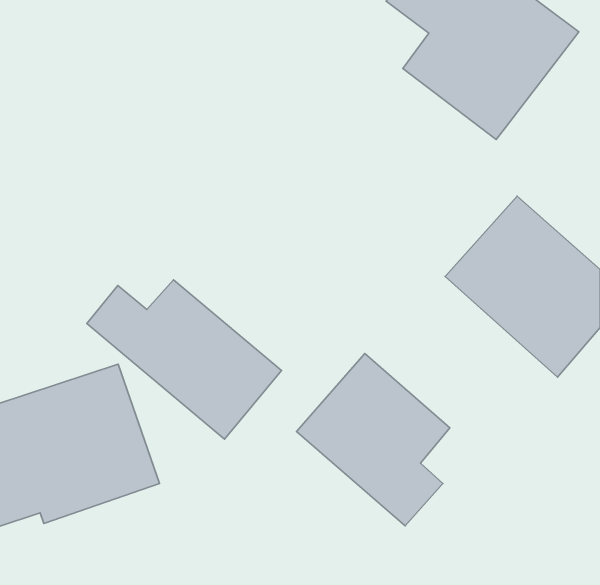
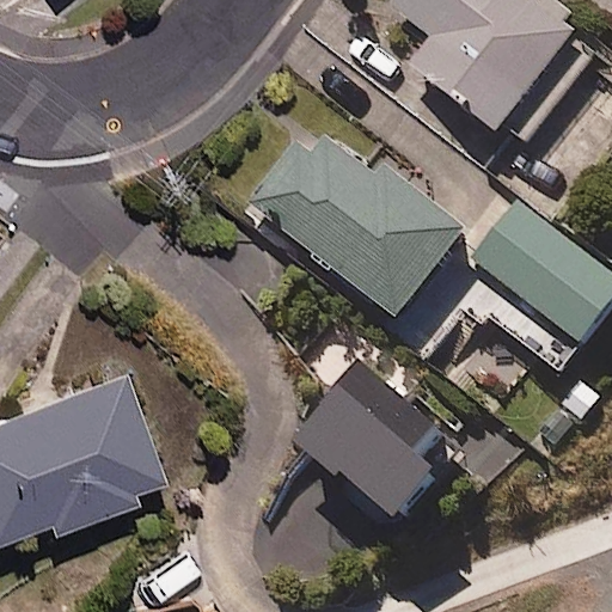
building: none -> [246,123,473,331]
building: [87,280,282,439] -> none

